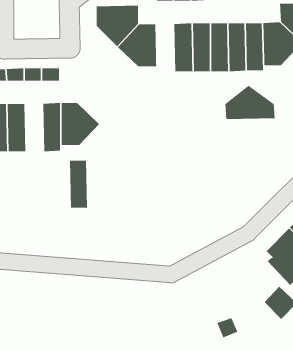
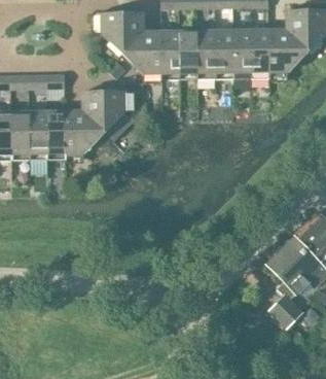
building: none -> [160,30,179,79]
building: none -> [81,91,124,131]
building: [225,85,275,120] -> none
building: [69,160,88,208] -> [29,110,47,159]

